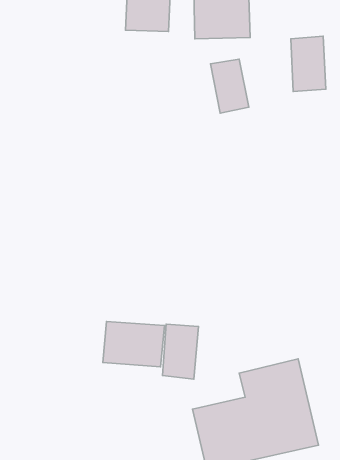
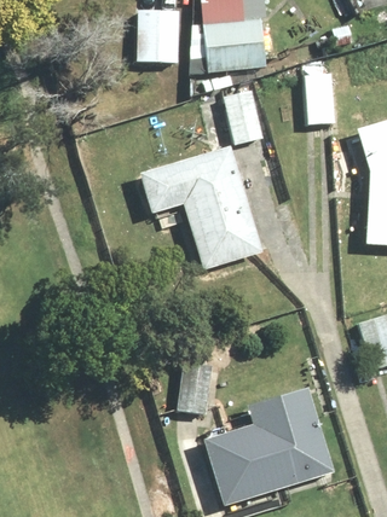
building: none -> [139,147,261,269]
building: [103,321,164,367] -> none

